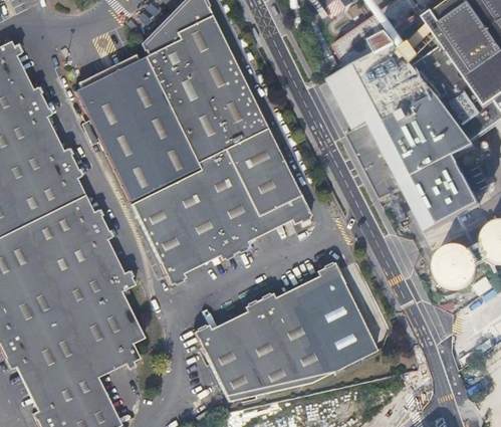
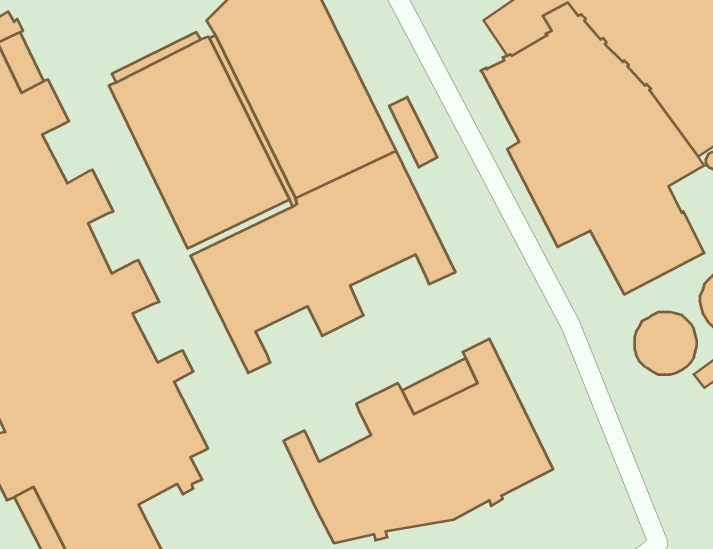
building: none -> [389,97,437,167]
building: [31,116,62,156] -> none
building: [62,176,93,217] -> none
building: [240,204,291,241] -> none
building: [92,237,123,277] -> none
building: [176,239,219,272] -> none
building: [211,310,254,345] -> none

